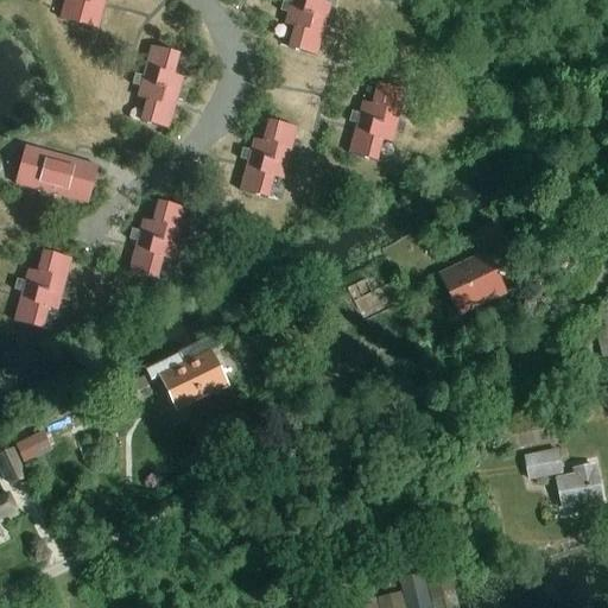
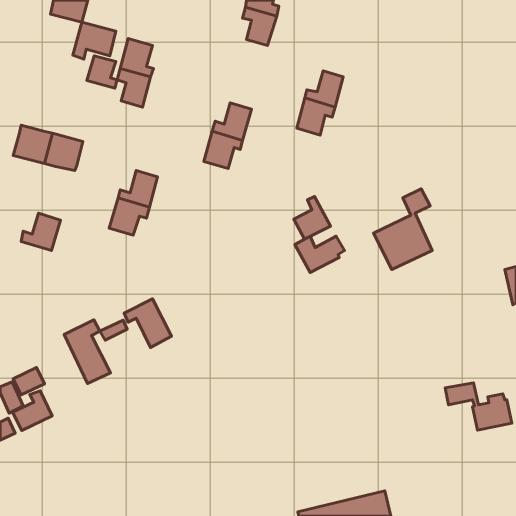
building: none -> [73,22,116,59]
building: none -> [87,56,117,88]
building: none -> [294,196,330,239]
building: [14,284,61,328] -> none
building: [179,338,228,395] -> none
building: none -> [64,320,110,384]
building: none -> [12,391,52,431]

